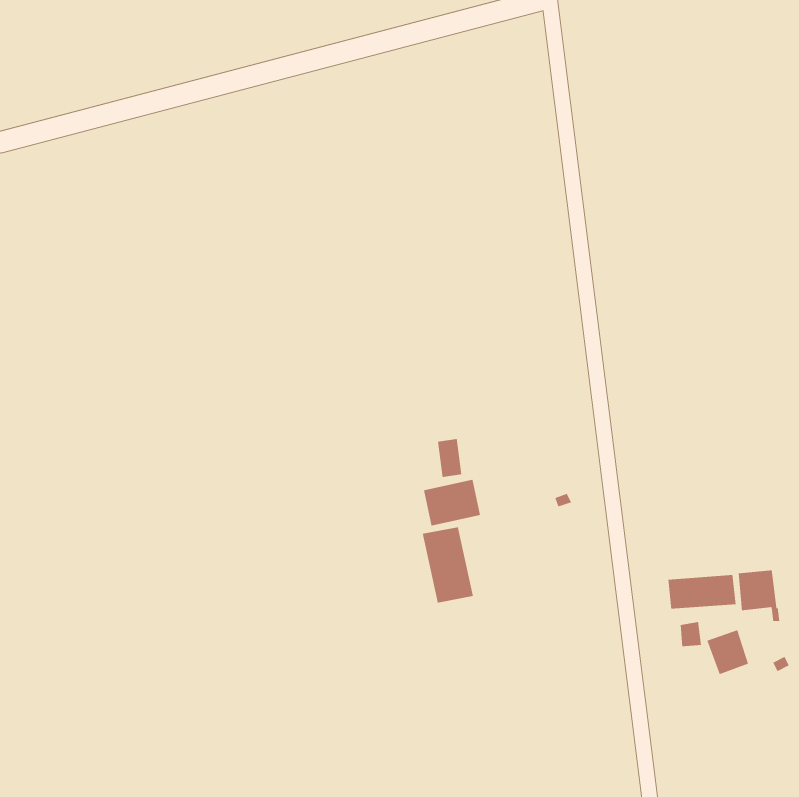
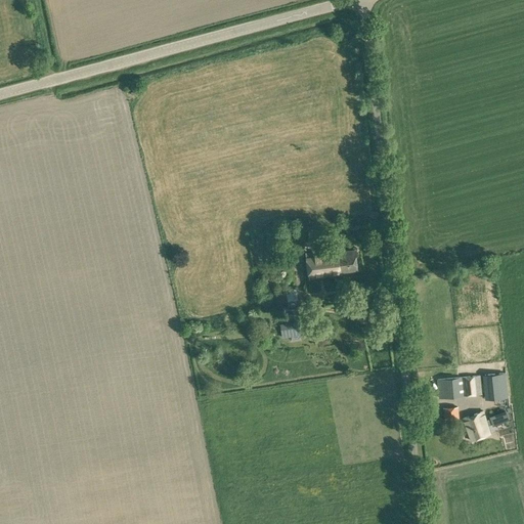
building: none -> [305,251,357,280]
building: [422,526,473,603] -> none

